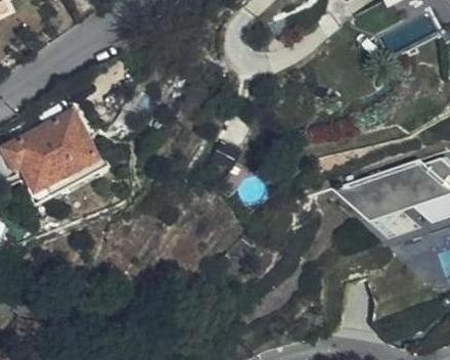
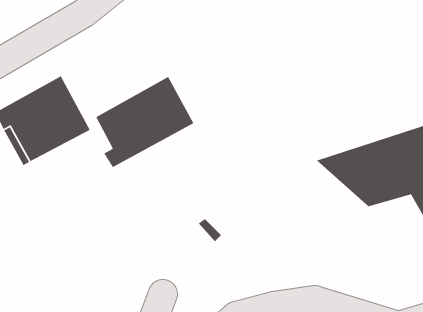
building: none -> [95,76,194,168]

